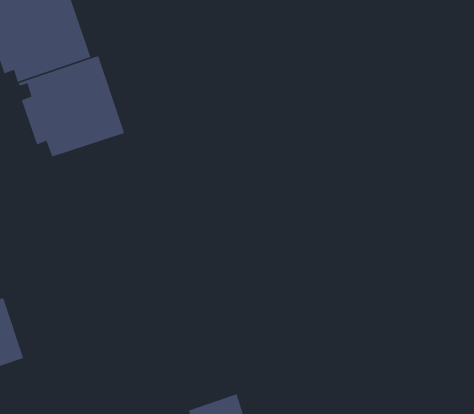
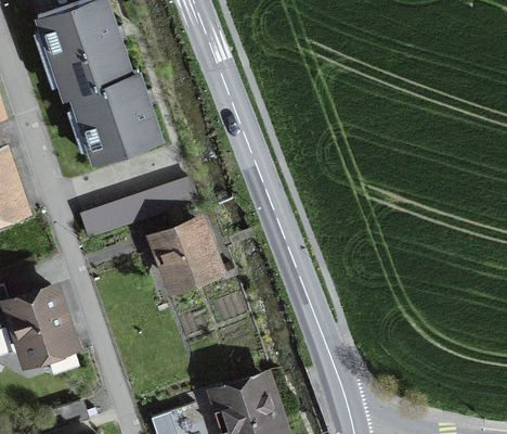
building: none -> [82,186,176,235]
building: none -> [150,224,217,286]

